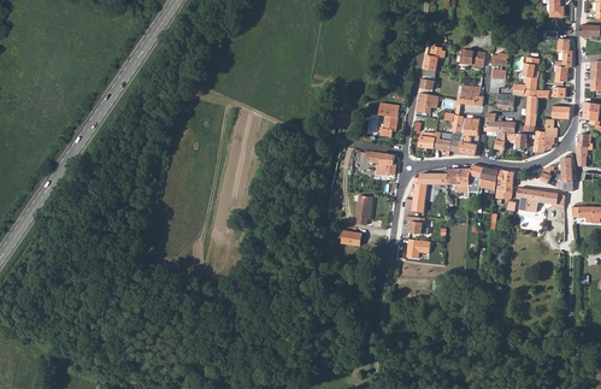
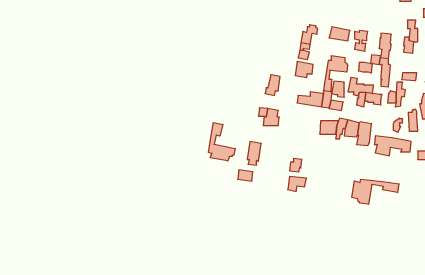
building: [411,169,448,212] -> none
building: none -> [208,123,235,161]
building: none -> [352,179,399,204]

